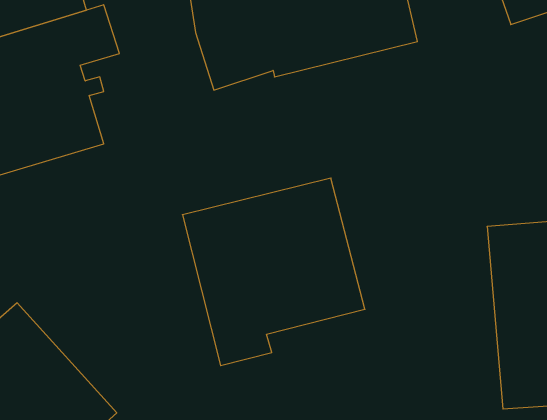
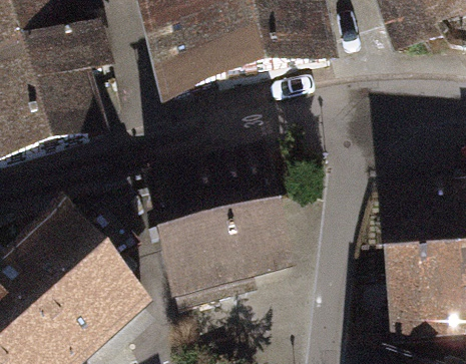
building: none -> [25,204,146,344]

